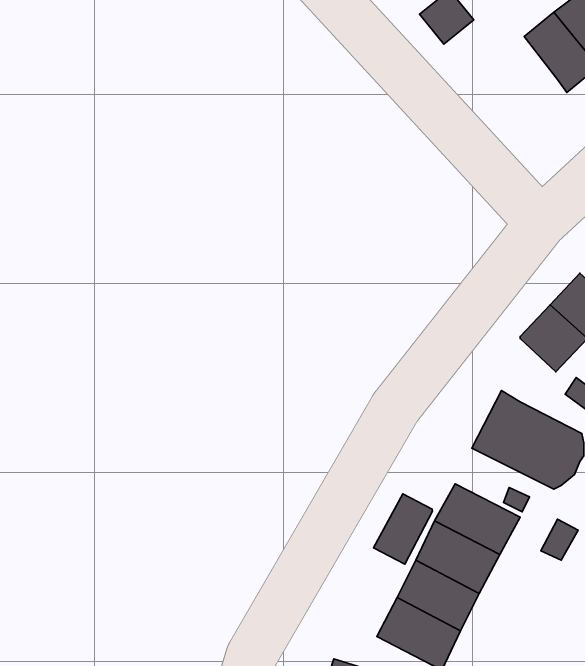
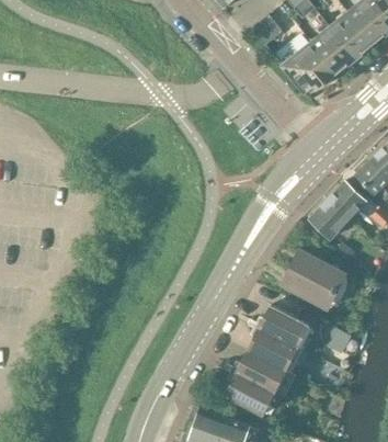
building: none -> [281,42,336,94]
building: [374,494,432,564] -> none

